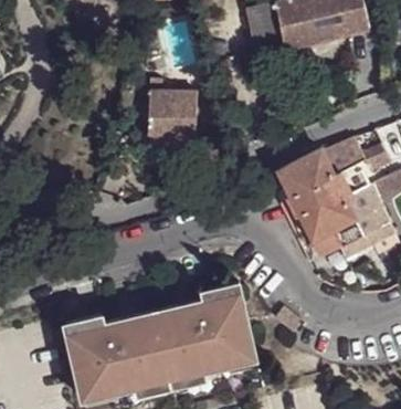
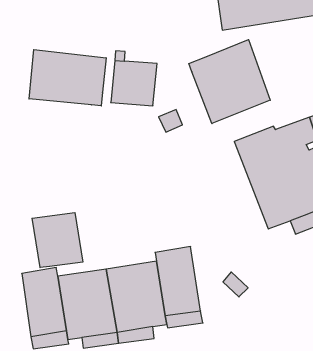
building: none -> [189,40,270,124]
building: none -> [29,50,106,106]
building: none -> [32,213,83,268]

